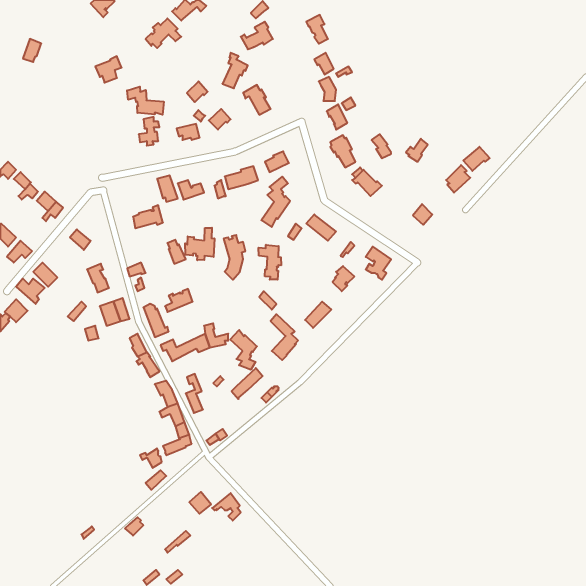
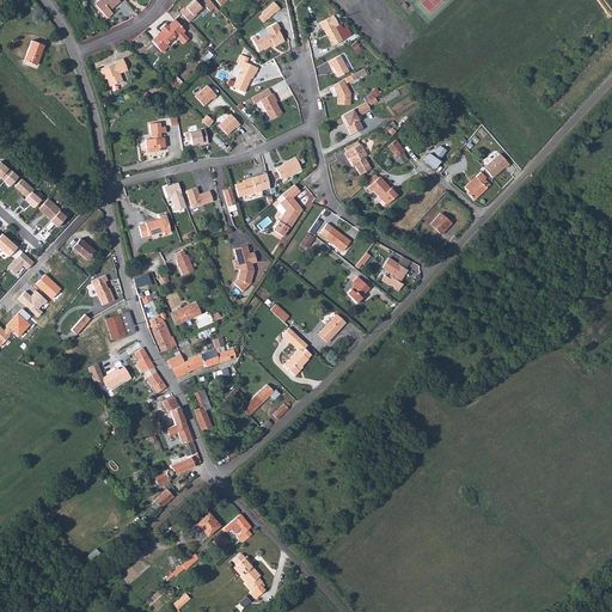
building: [127,87,164,115] -> none
building: [185,228,214,260] -> none
building: [259,245,281,280] -> none
building: [230,330,257,370] -> none
building: none -> [87,363,131,390]
building: none -> [232,555,265,599]

